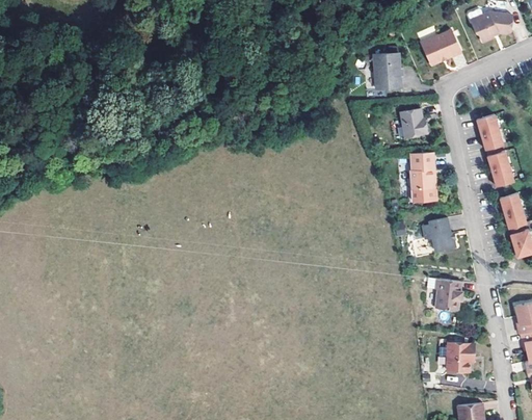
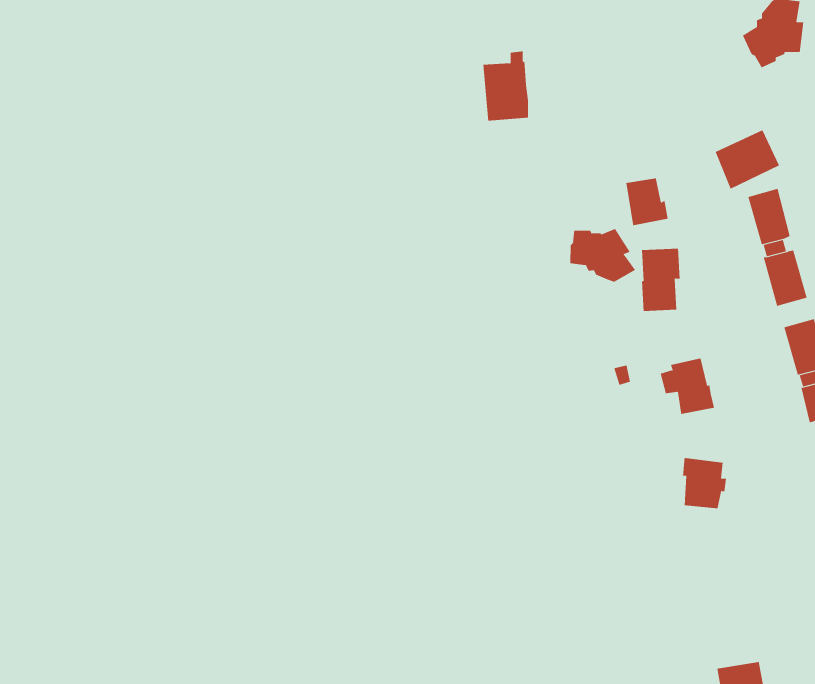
building: [422,30,461,67] -> [715,130,780,190]
building: [373,47,401,89] -> [482,51,529,121]
building: none -> [570,228,636,283]
building: [448,342,476,370] -> none

